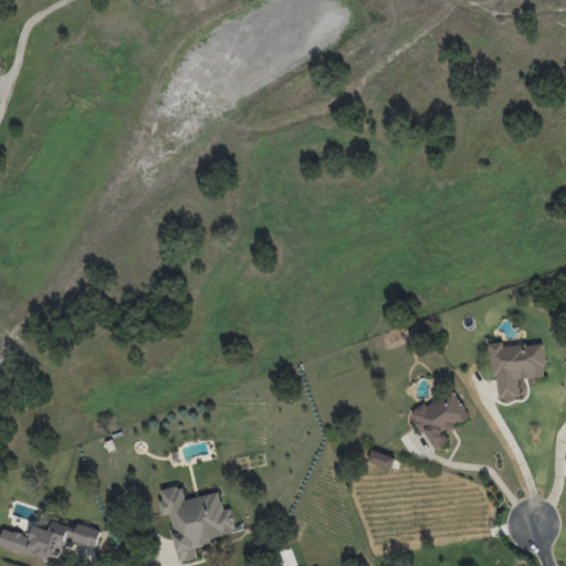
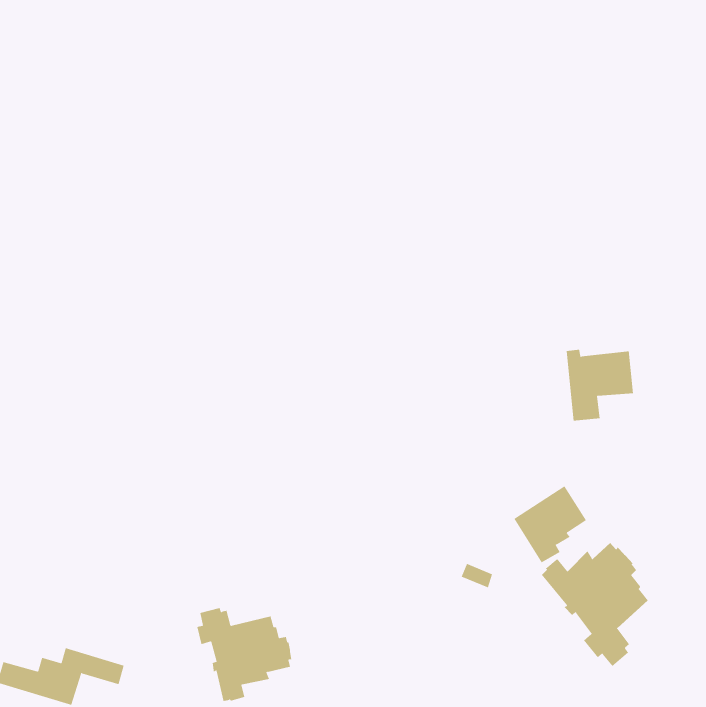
building: [490,342,544,399] -> [566,349,634,421]
building: none -> [541,542,648,667]

